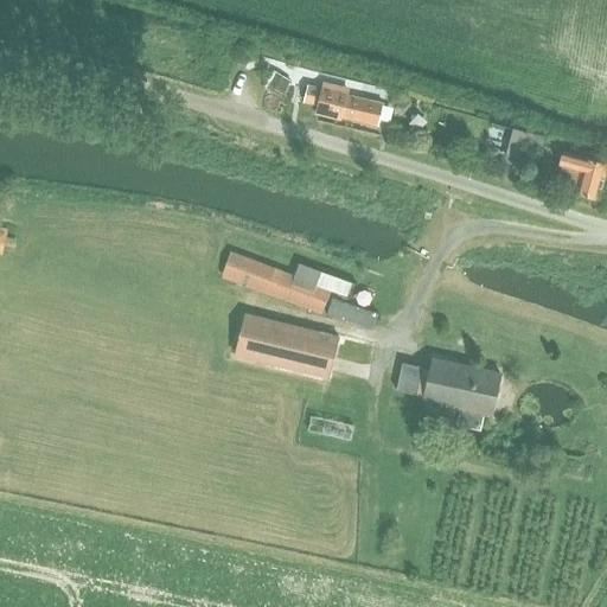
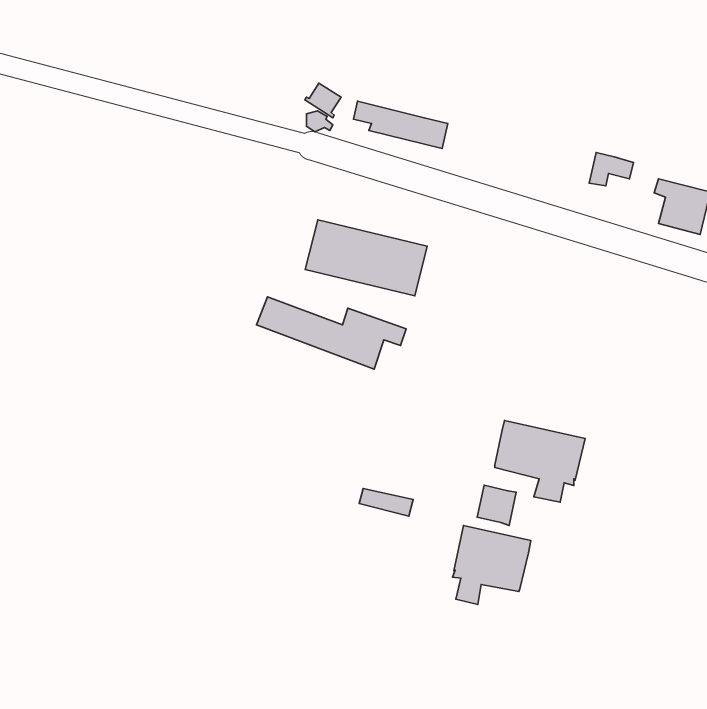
building: [235,313,339,378] -> [305,220,427,296]
building: [397,363,430,397] -> [477,485,516,525]
building: none -> [452,526,531,605]

